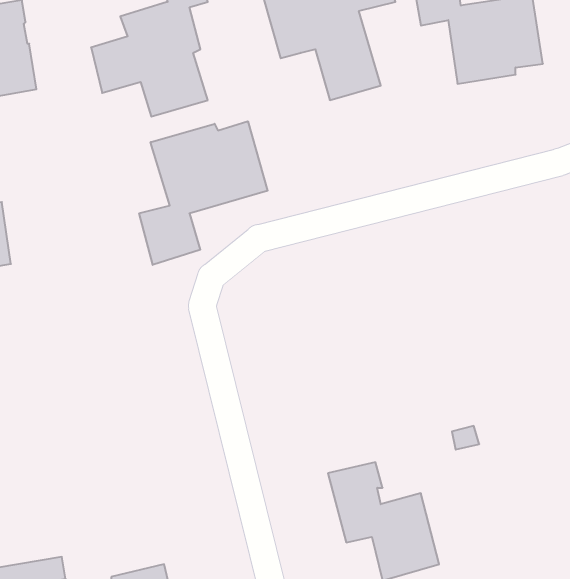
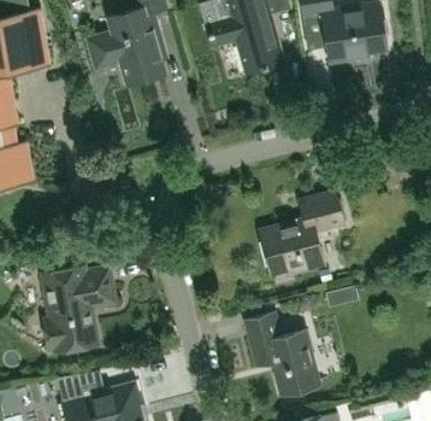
building: [139,121,268,265] -> none
building: none -> [260,193,344,275]
building: none -> [42,267,117,352]

